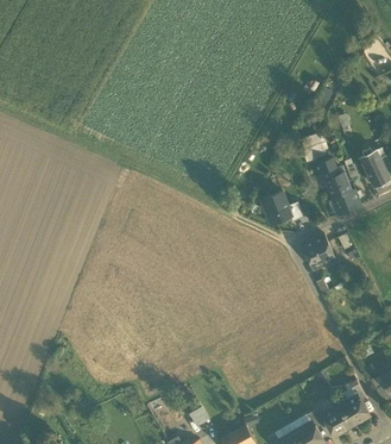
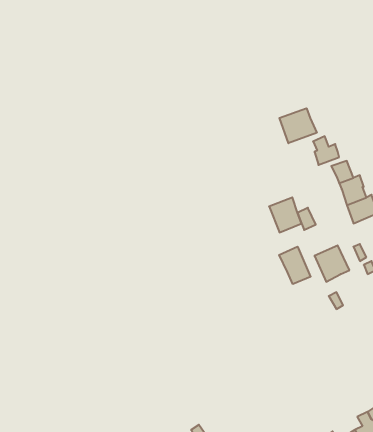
building: none -> [279,108,317,143]
building: none -> [279,247,311,284]

